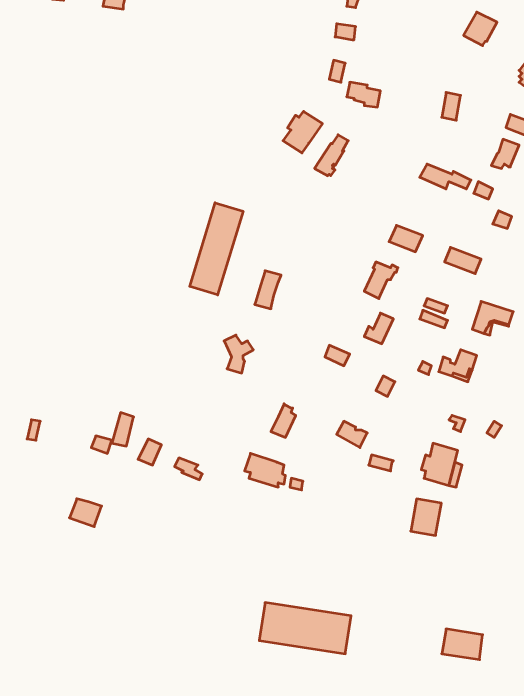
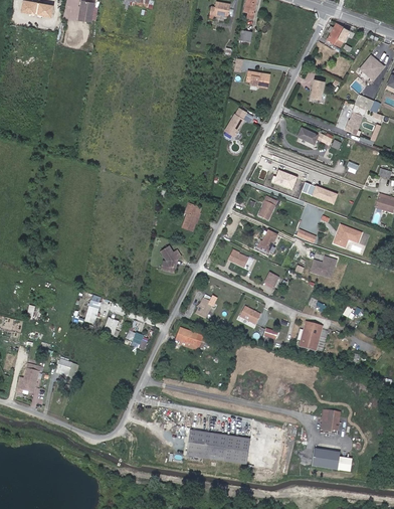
building: [283,111,322,153] -> none
building: [190,203,243,295] -> none
building: [411,499,441,535] -> [319,408,340,434]
building: none -> [16,362,40,392]

